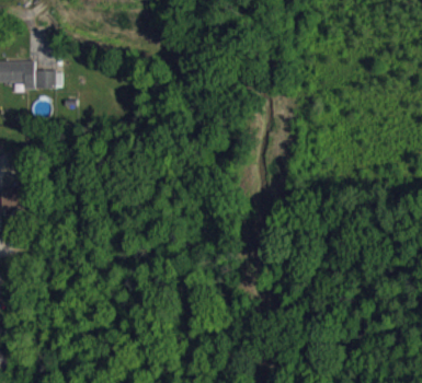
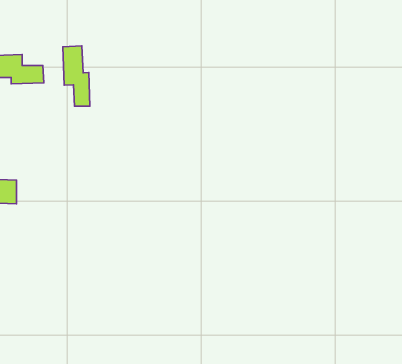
building: none -> [63,46,90,106]

